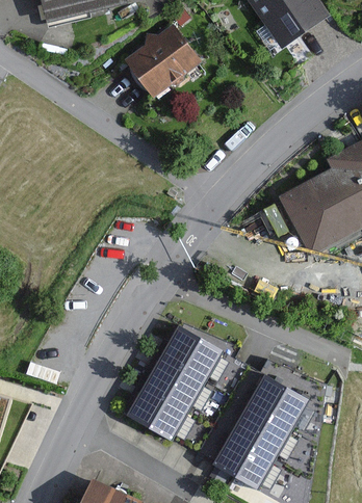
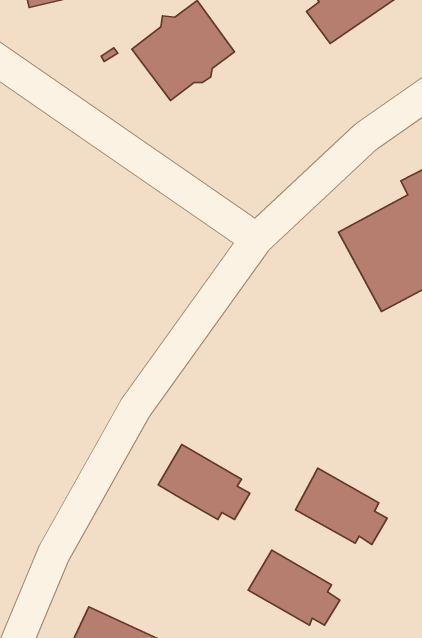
building: [161,325,230,381] -> none
building: [126,386,195,442] -> none
building: [229,404,298,460] -> none

